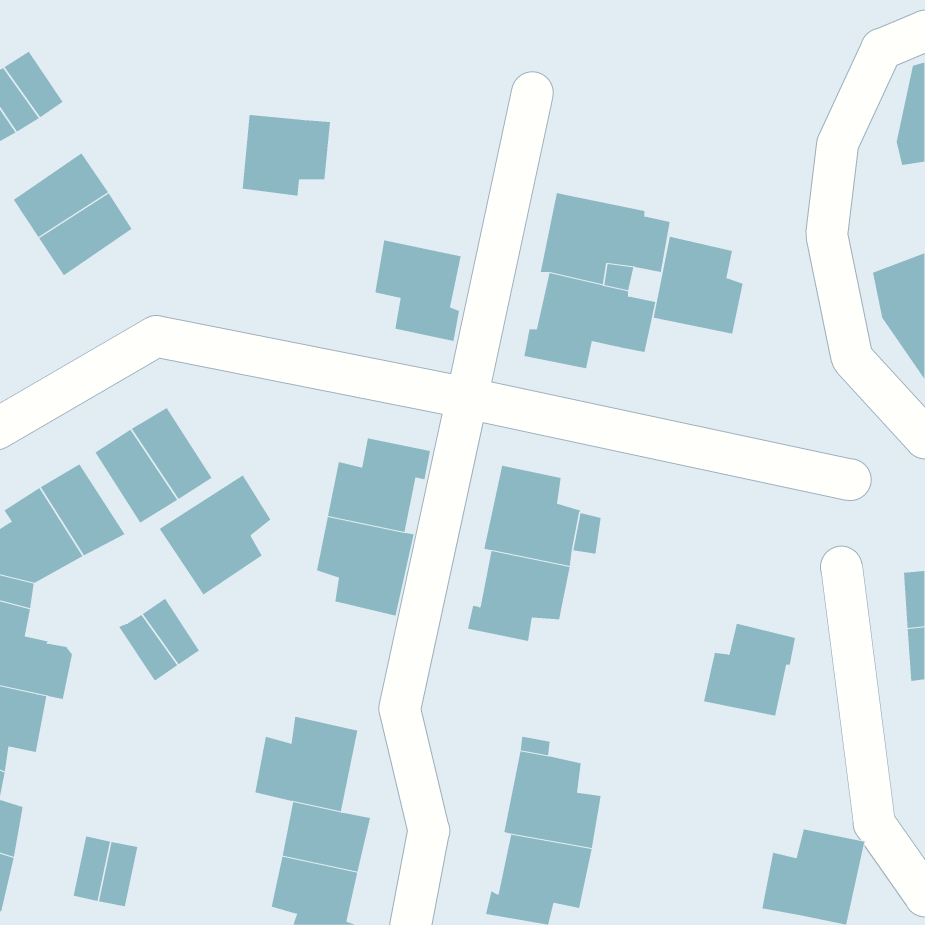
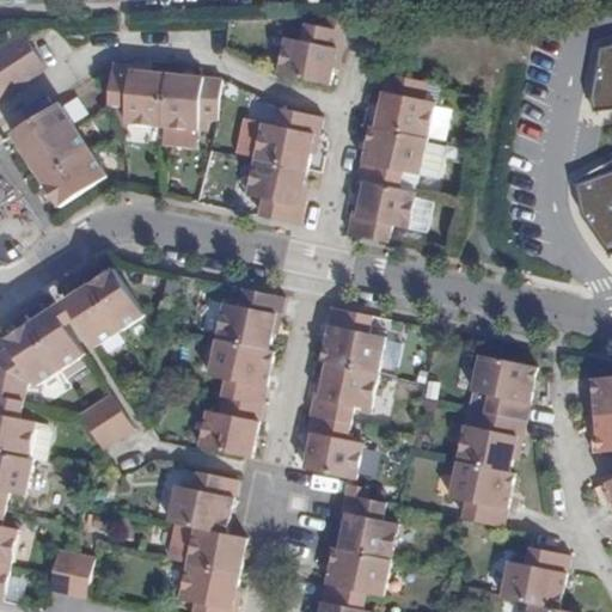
building: none -> [276,24,342,86]
building: none -> [105,65,164,124]
building: none -> [234,110,319,169]
building: none -> [42,151,103,204]
building: [653,236,744,334] -> [372,74,432,139]
building: [159,475,271,596] -> none
building: none -> [471,356,534,420]
building: none -> [198,396,261,459]
building: none -> [301,414,360,478]
building: none -> [454,461,518,528]

